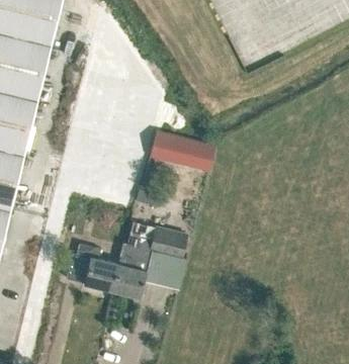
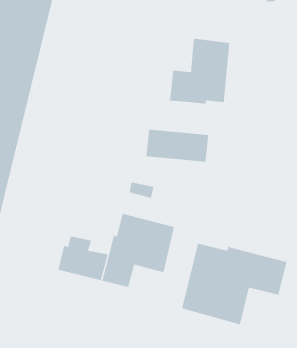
building: none -> [170,38,230,105]
building: none -> [181,243,287,325]

